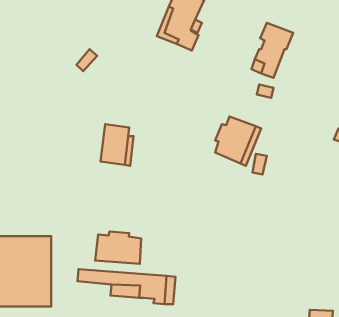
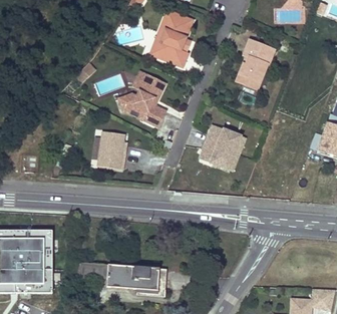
building: none -> [118,72,165,123]
building: [95,232,141,264] -> none

